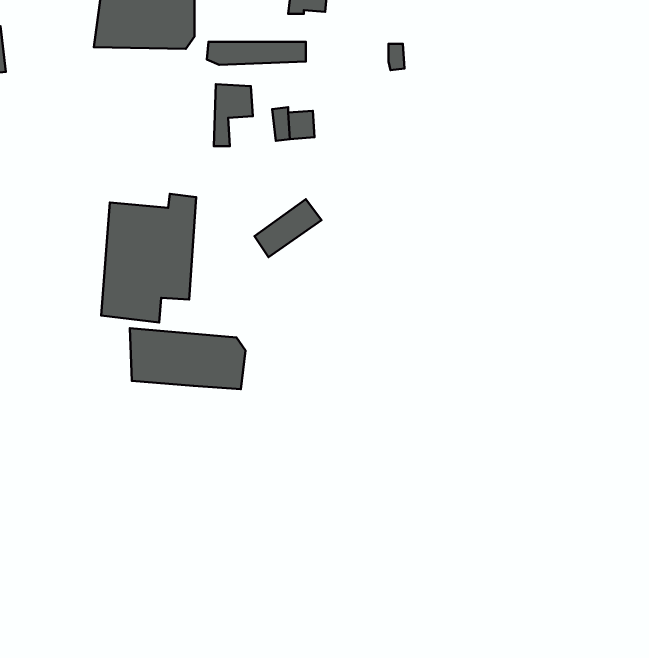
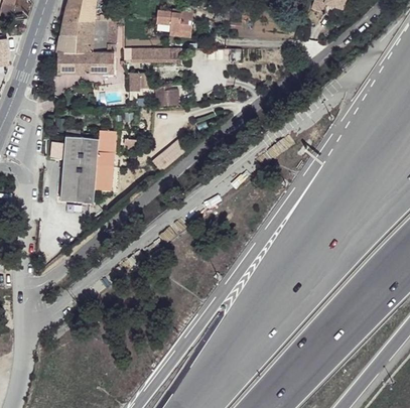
building: none -> [56,51,113,74]
building: [130,328,245,389] -> none

